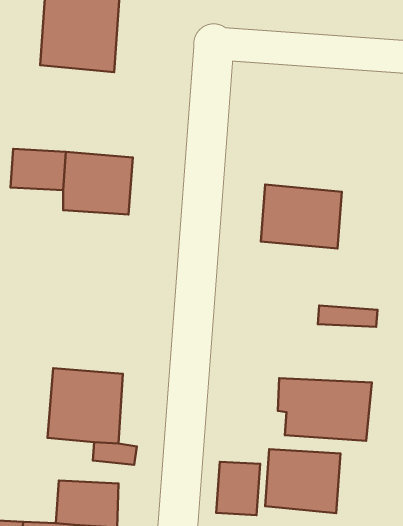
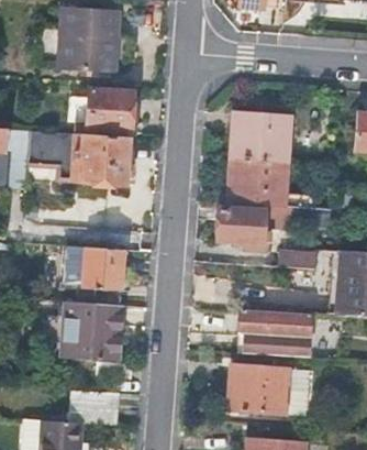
building: none -> [88,91,130,134]
building: none -> [230,112,292,165]
building: none -> [199,205,291,244]
building: none -> [67,245,123,292]
building: [216,462,260,515] -> none

